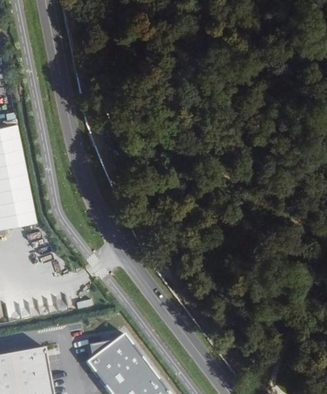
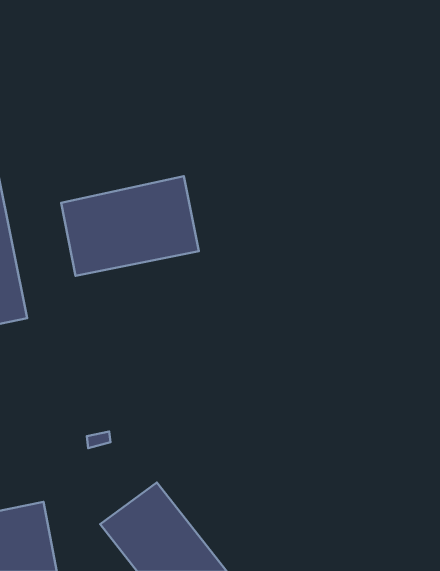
building: none -> [61,176,199,276]

